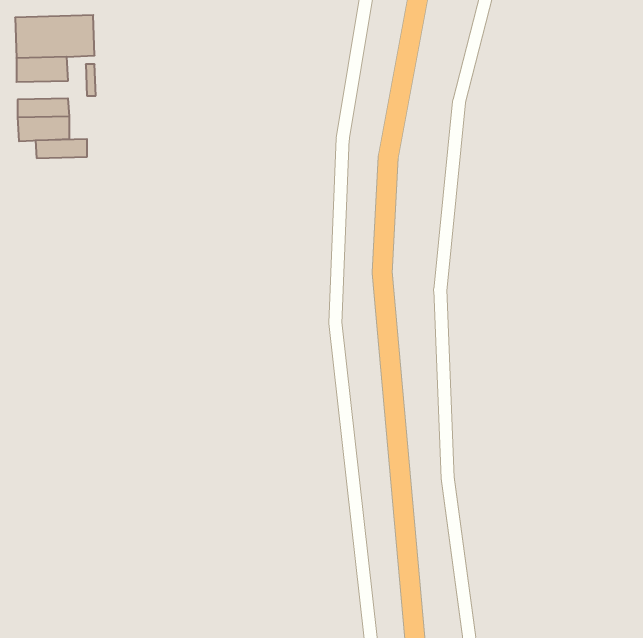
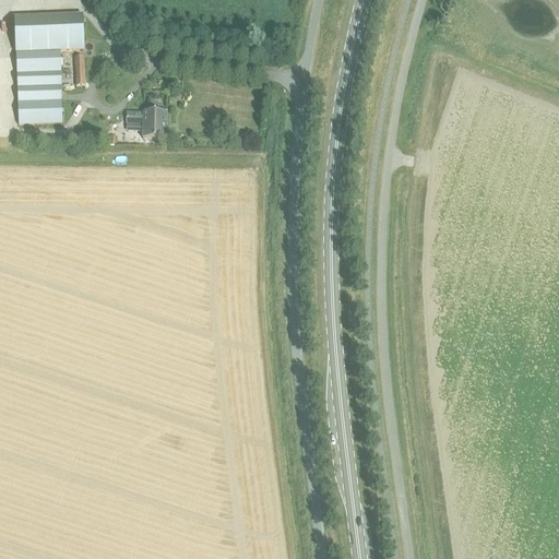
building: none -> [126,109,166,135]
building: [35,139,87,158] -> [15,70,60,86]

